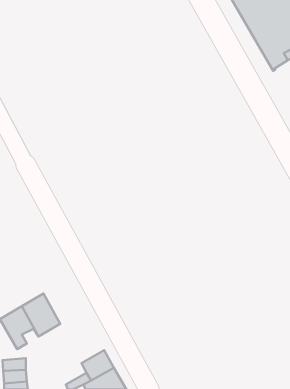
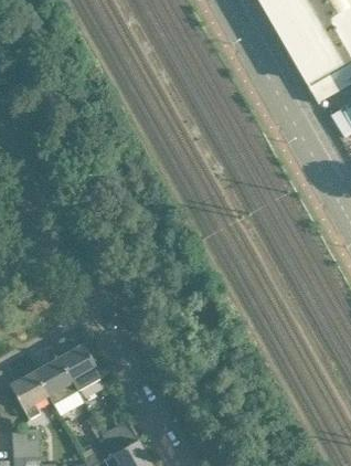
building: none -> [60,343,103,391]

